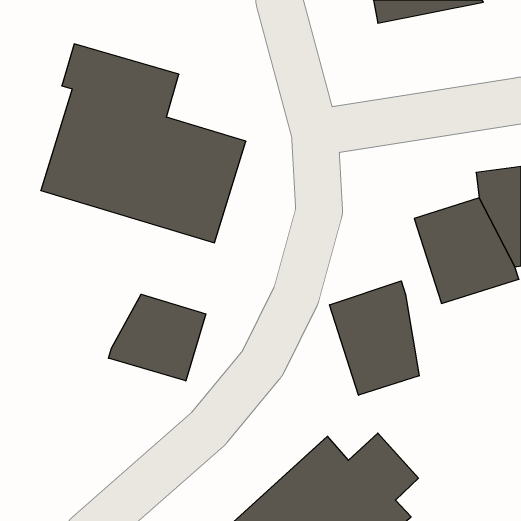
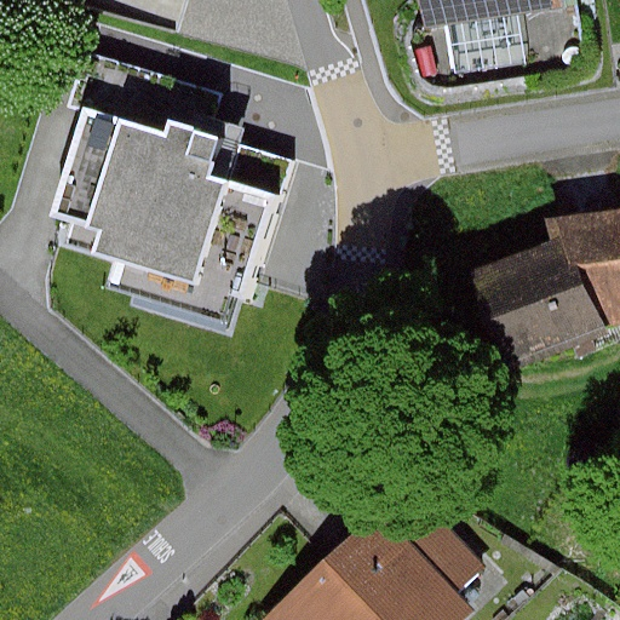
building: [330,281,419,395] -> none
building: [108,294,206,381] -> none

